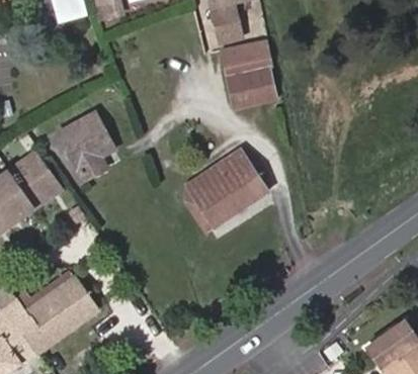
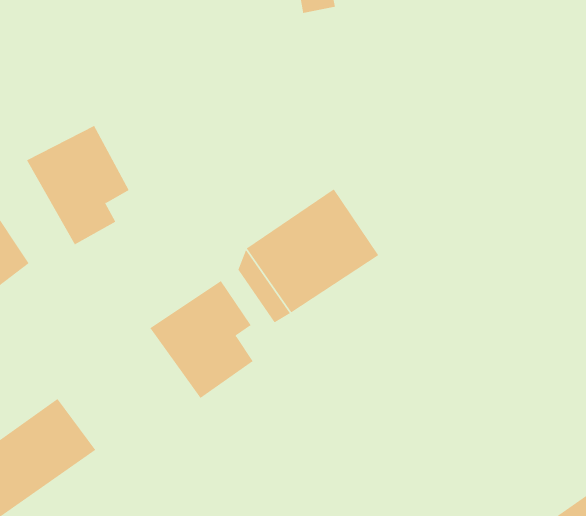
building: [221,40,274,106] -> none
building: none -> [149,280,253,399]

